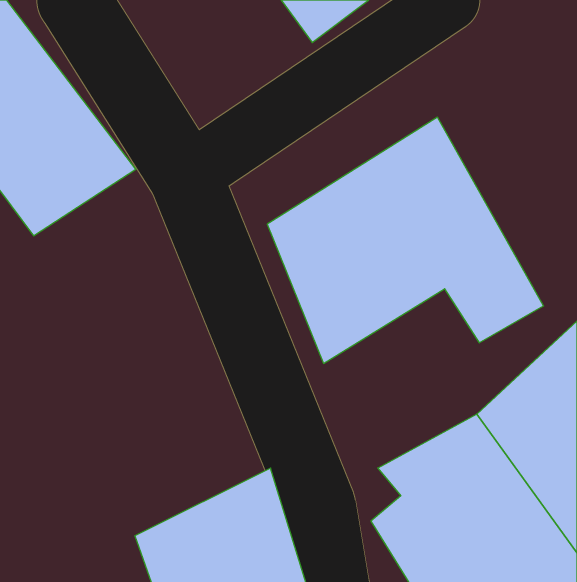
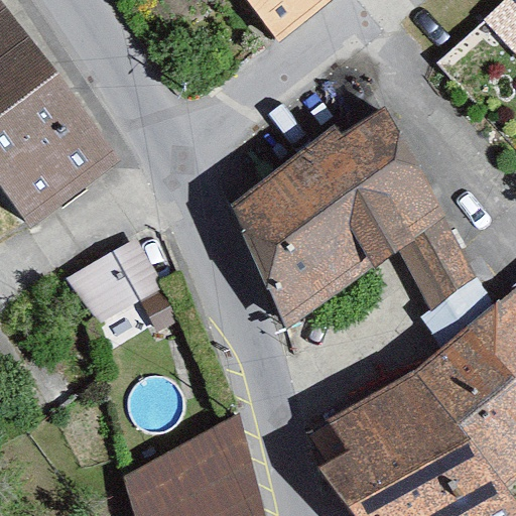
building: none -> [68,240,164,326]

